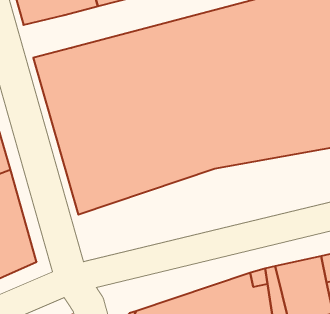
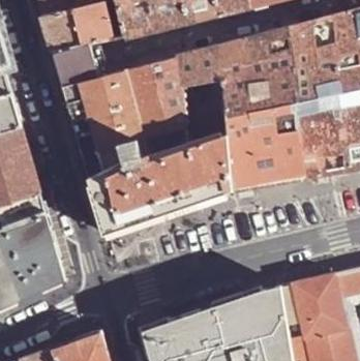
building: none -> [51,47,96,87]

